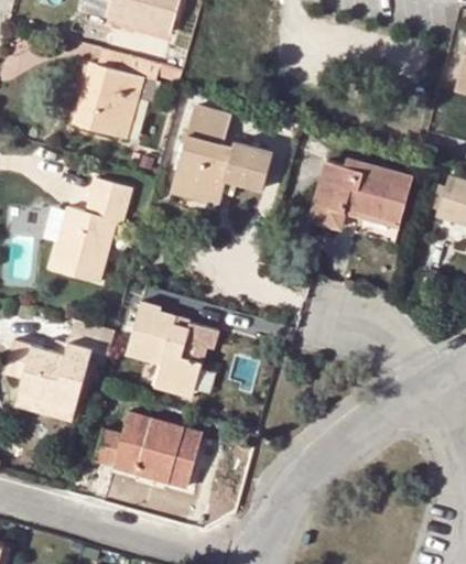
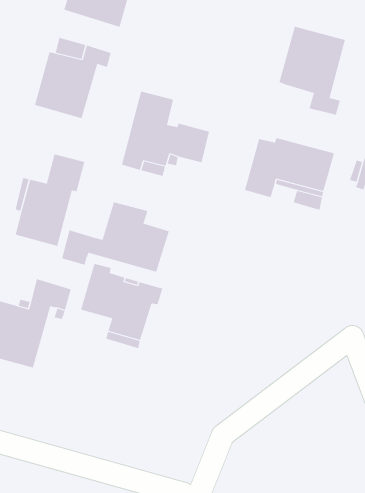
building: none -> [279,26,346,115]
building: none -> [61,202,169,272]
building: [94,413,202,490] -> none

